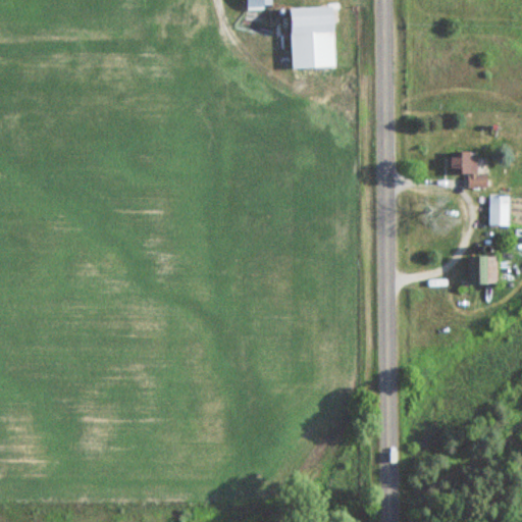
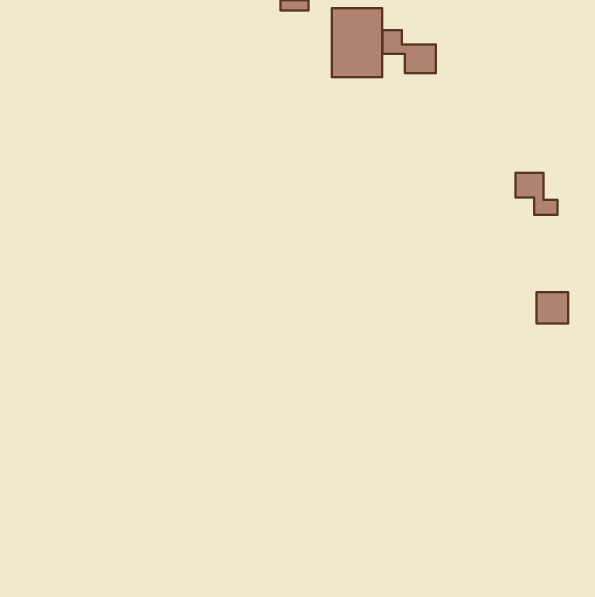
building: none -> [382,30,436,73]
building: [489,196,510,225] -> none

